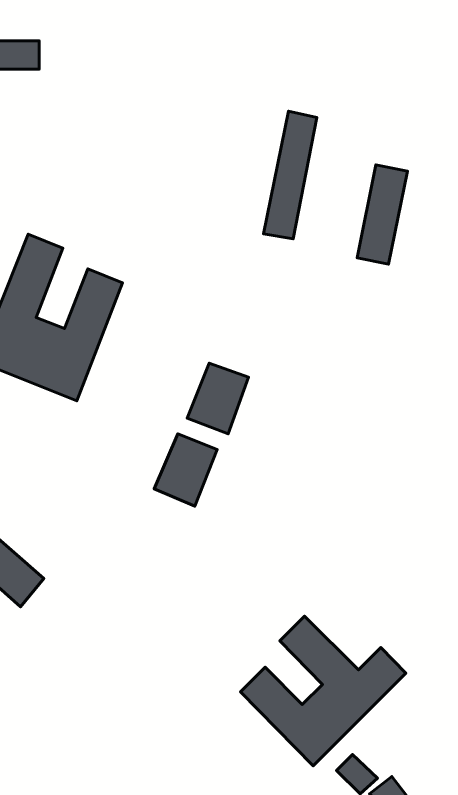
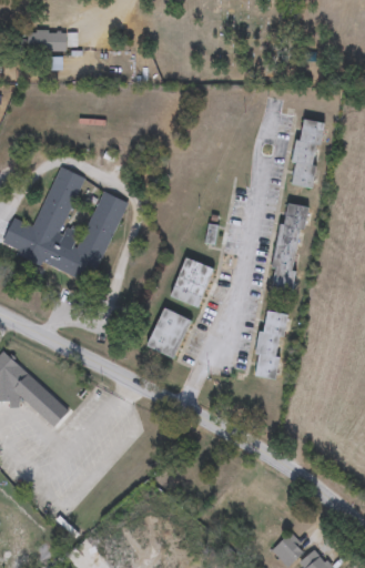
building: [263,111,317,239] -> [270,202,307,292]
building: none -> [255,310,287,378]
building: [241,616,406,766] -> none

